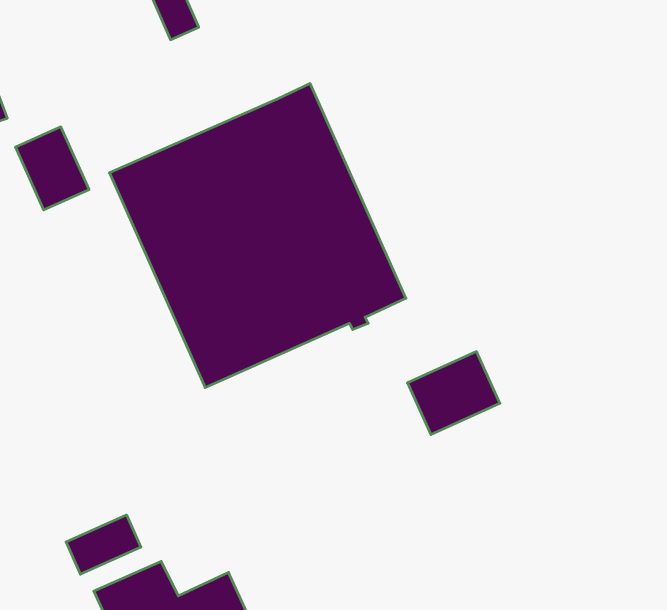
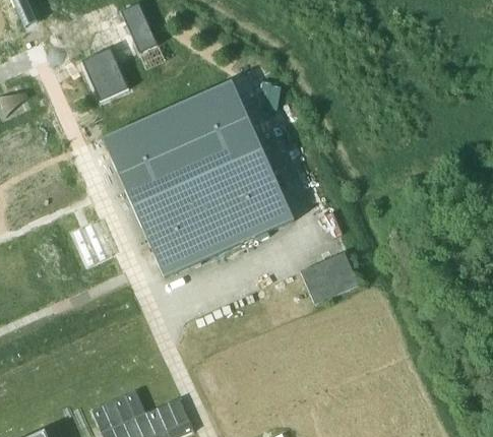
building: [15,127,89,210] -> [77,46,125,100]
building: [66,515,141,574] -> none

